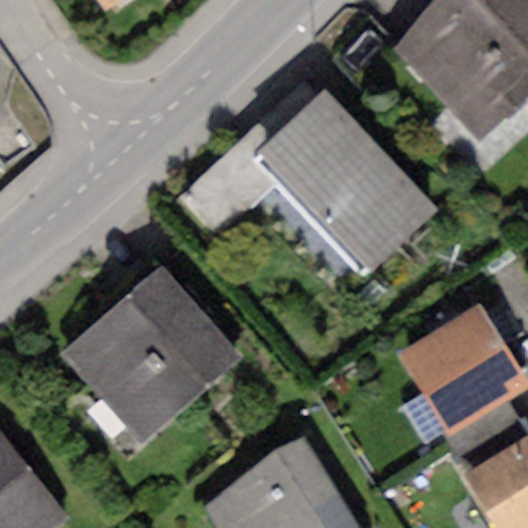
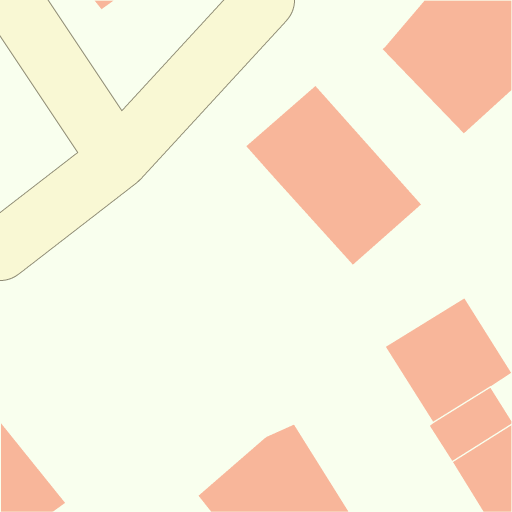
building: [178,139,279,237] -> none
building: [60,264,242,444] -> none

